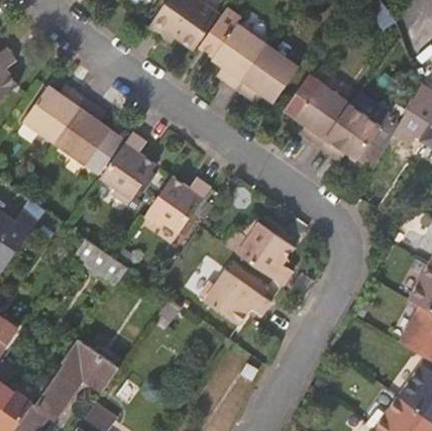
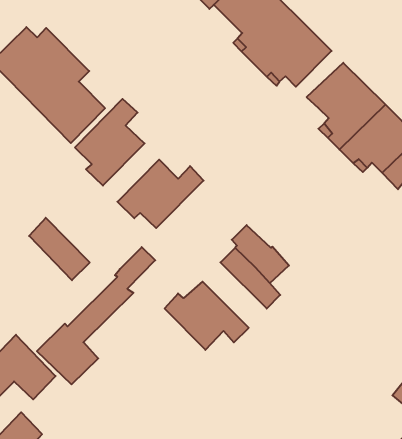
building: none -> [37,247,155,384]

